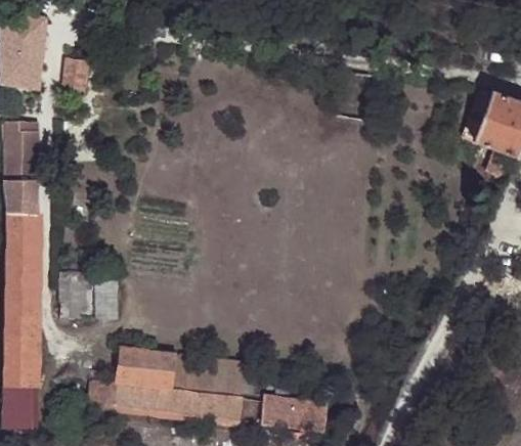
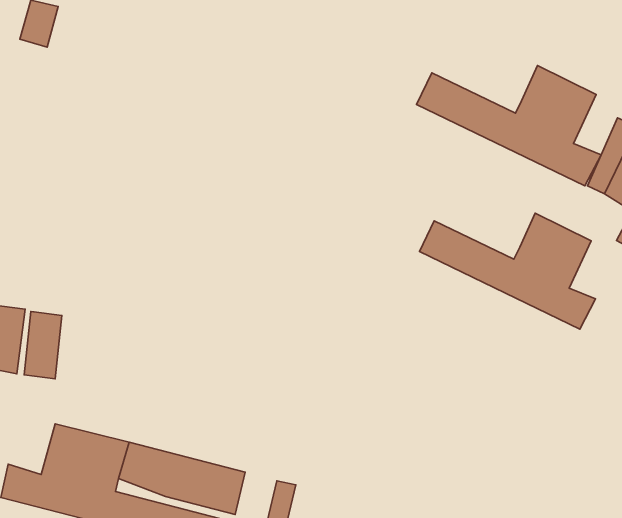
building: none -> [417,66,601,186]
building: none -> [419,213,595,329]

